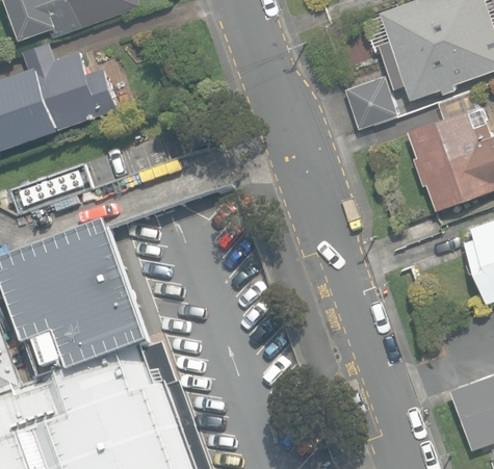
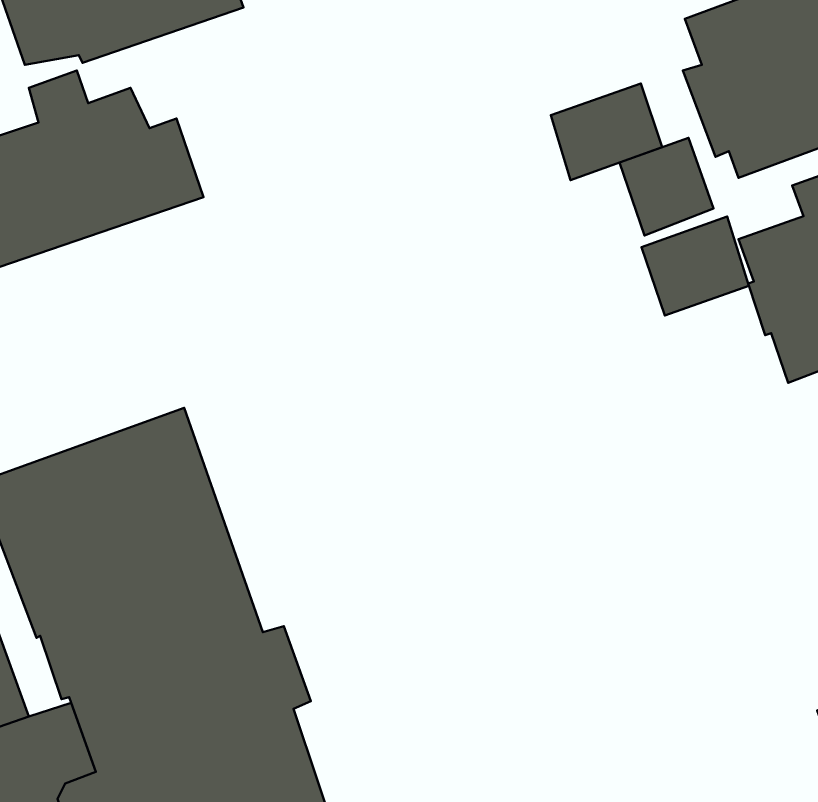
building: none -> [551,84,662,180]
building: none -> [642,217,749,315]

